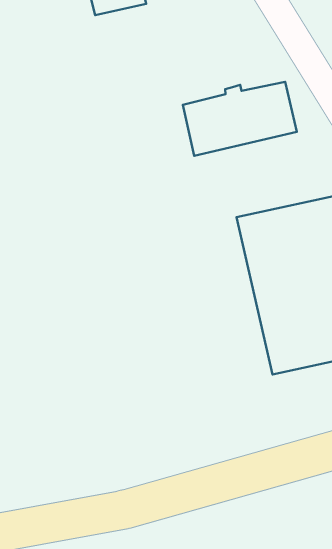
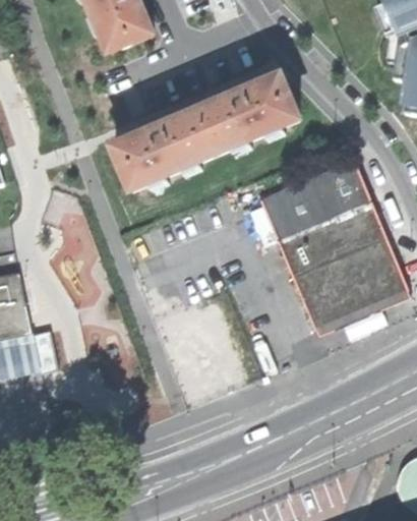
building: none -> [114,111,214,187]

